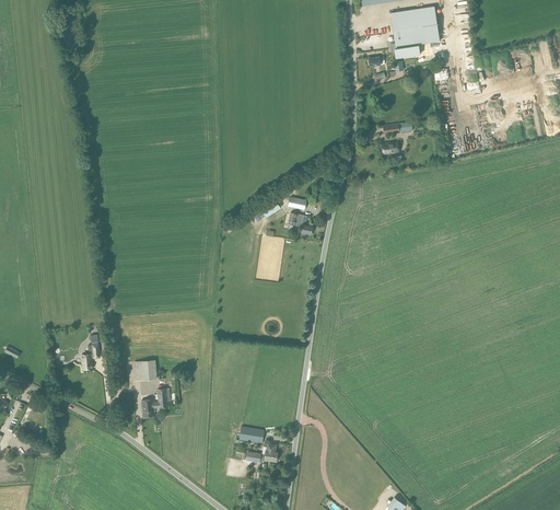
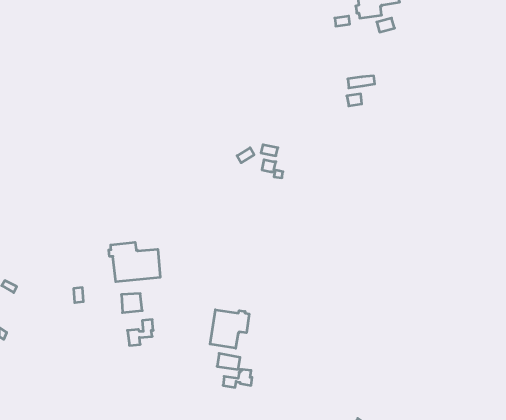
building: none -> [109,242,160,282]
building: none -> [210,310,249,348]

